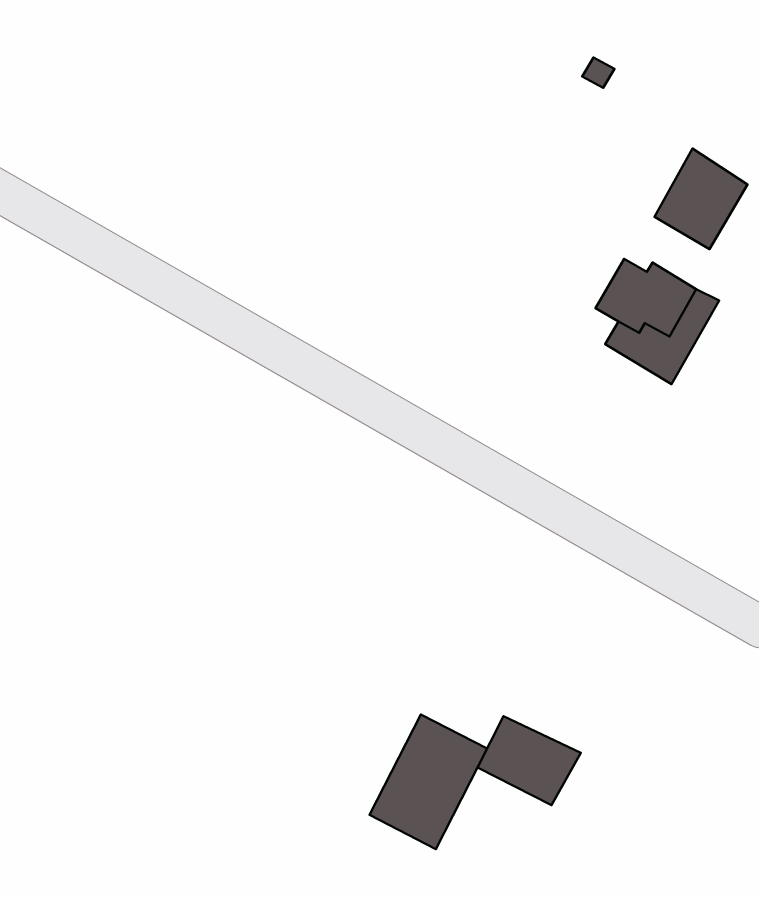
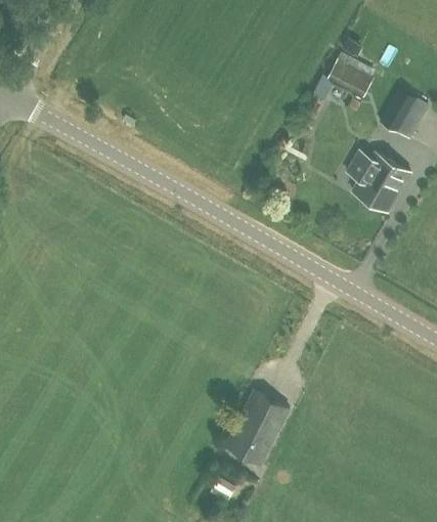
building: none -> [326,59,374,98]
building: [478,716,581,805] -> none

